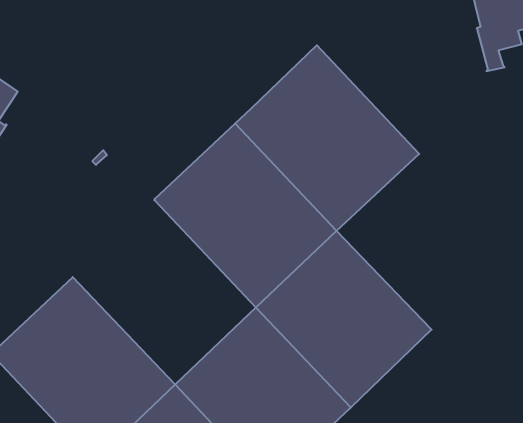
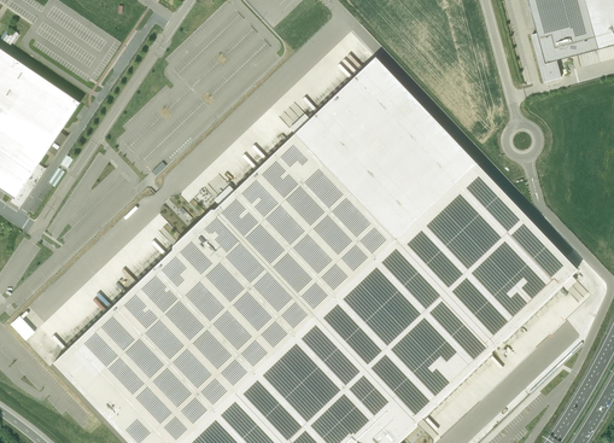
building: none -> [394,165,569,339]
building: none -> [134,211,315,394]

